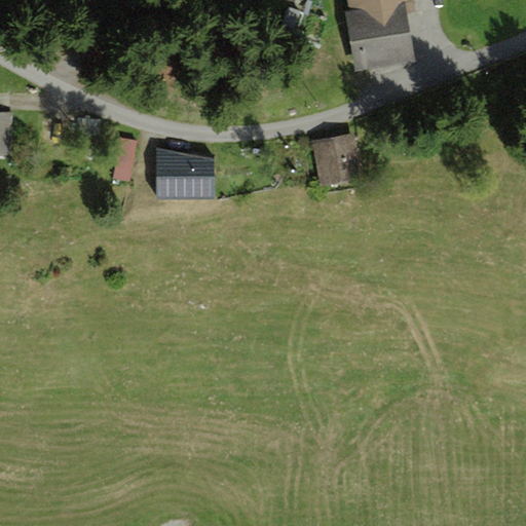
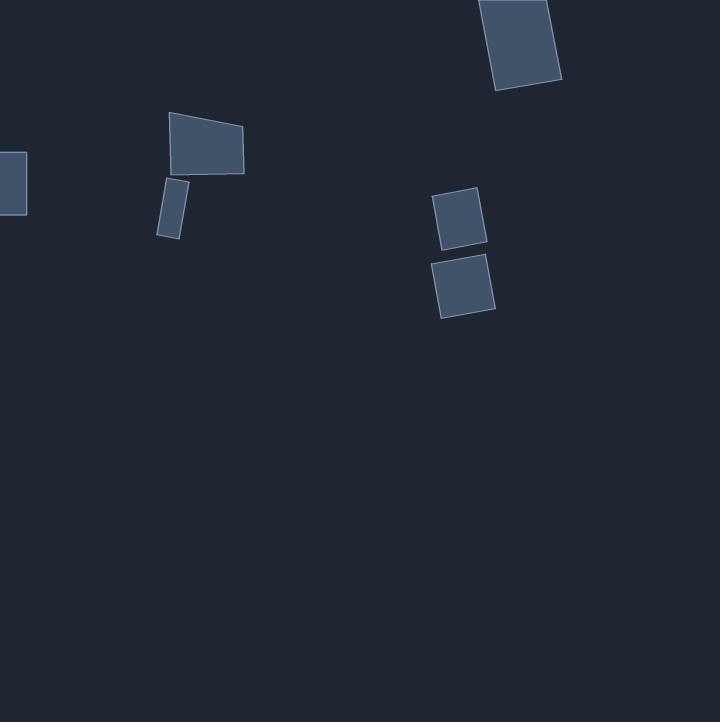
building: [157,151,212,196] -> [169,113,244,175]
building: none -> [432,254,495,318]

